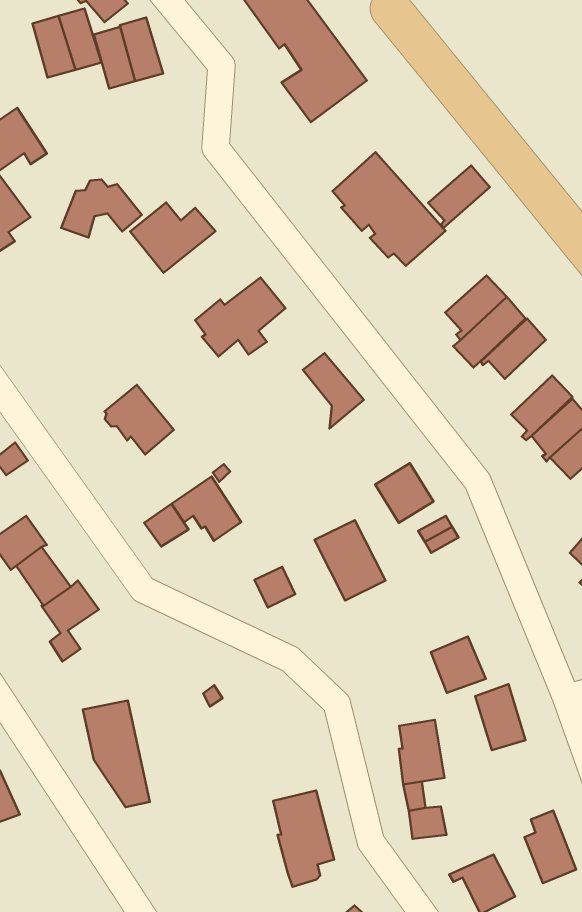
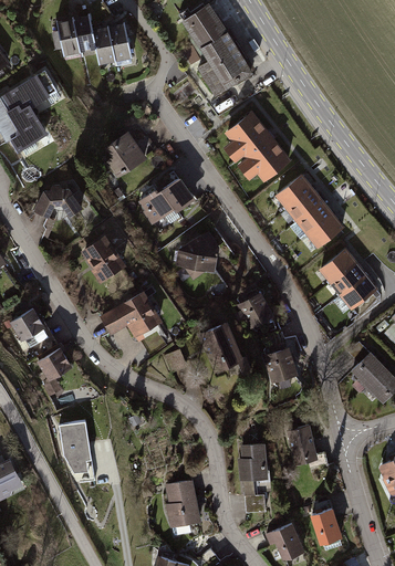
building: [428,166,490,228] -> [274,174,311,209]
building: [61,180,142,237] -> [33,185,81,218]
building: none -> [176,234,216,270]
building: [431,636,486,693] -> [264,348,295,380]

